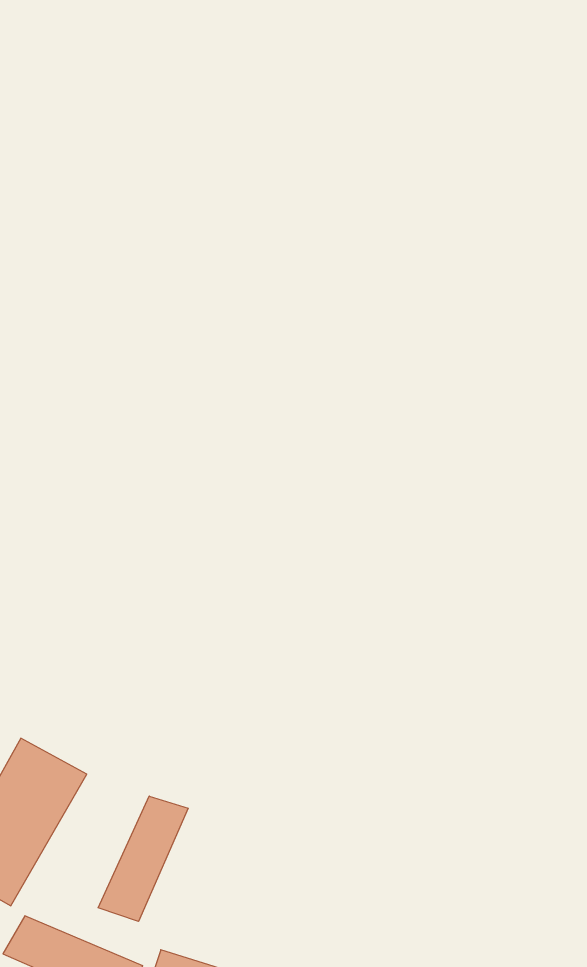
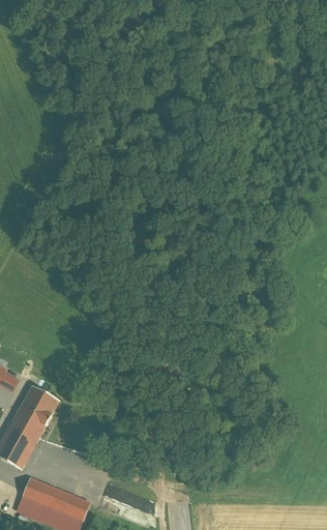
building: [98,796,188,921] -> none

